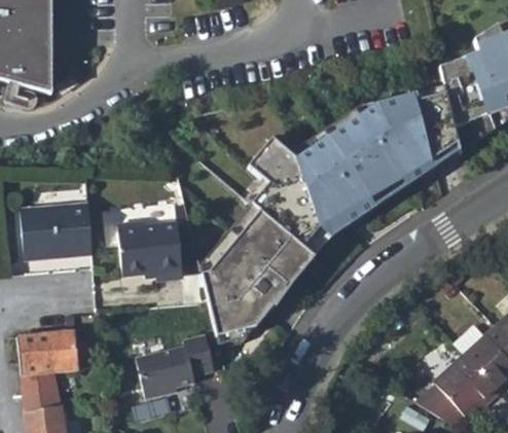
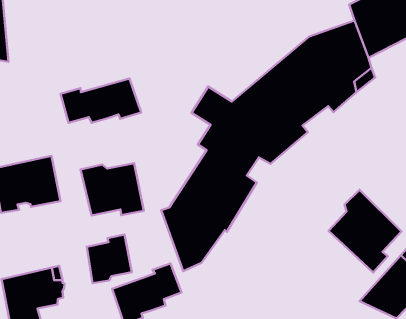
building: none -> [60,78,141,123]
building: none -> [328,190,402,273]
building: none -> [87,235,132,283]

